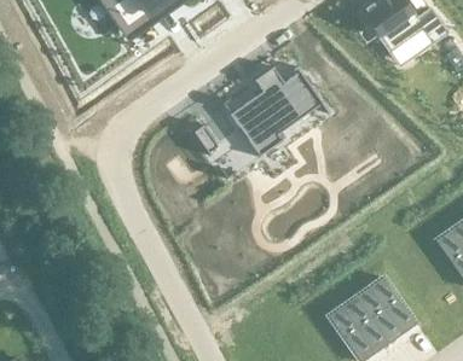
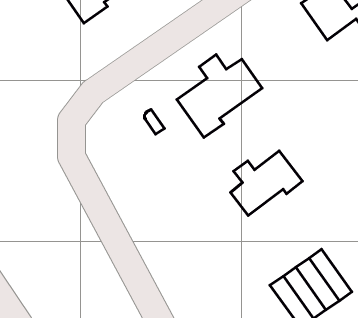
building: none -> [230,151,302,215]

